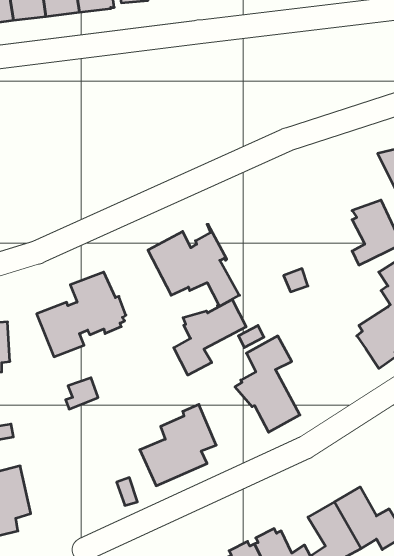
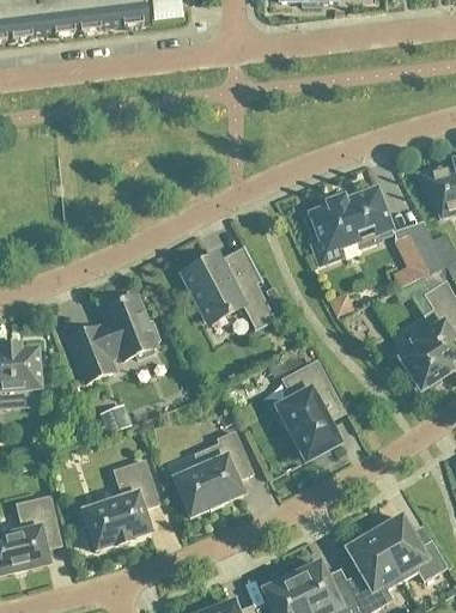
building: none -> [306,186,394,262]
building: [174,300,246,375] -> none
building: none -> [81,459,159,547]

